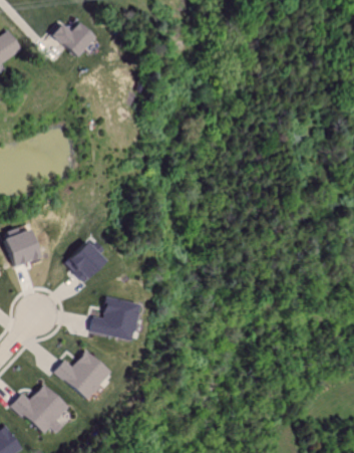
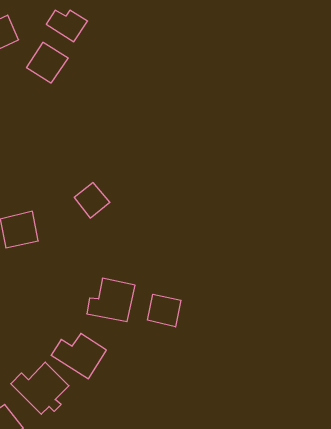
building: none -> [27,42,68,83]
building: [65,241,101,277] -> [74,183,110,218]
building: none -> [148,294,181,327]

